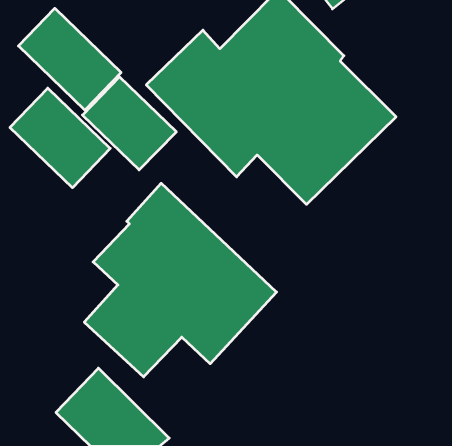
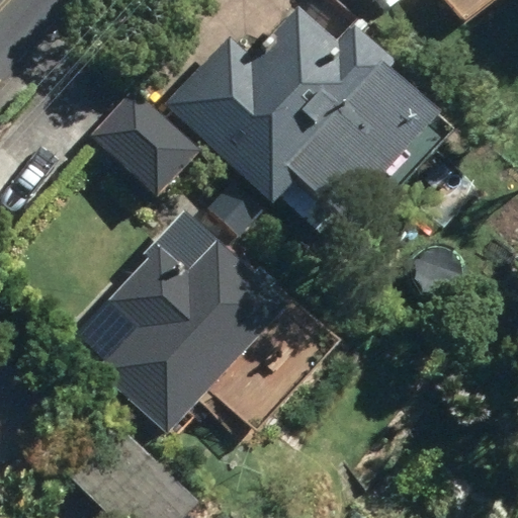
building: [18,8,121,110] -> none
building: [10,88,110,188] -> none

